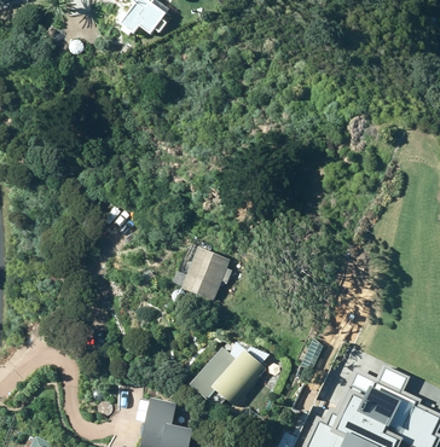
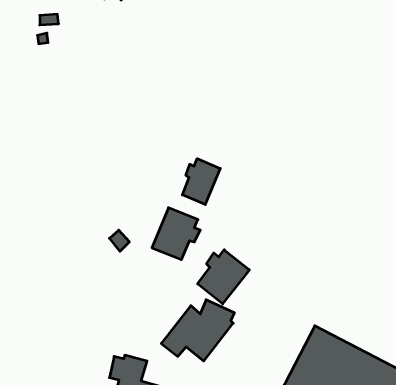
building: none -> [182,159,220,205]
building: none -> [198,250,249,304]

